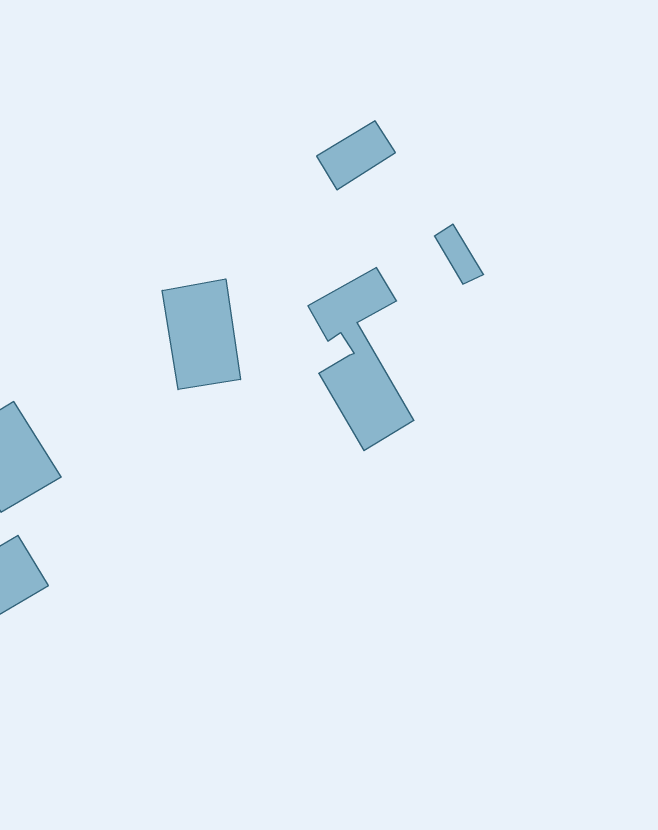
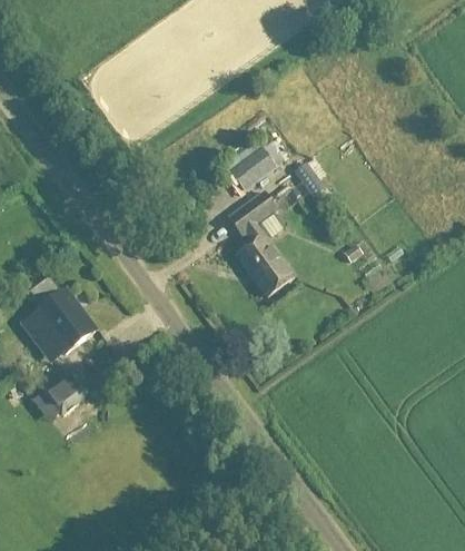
building: [317,121,395,190] -> [229,148,274,189]
building: [162,279,240,390] -> none

